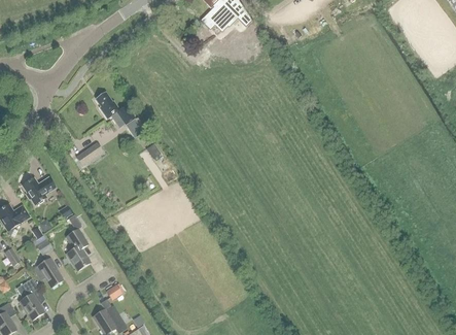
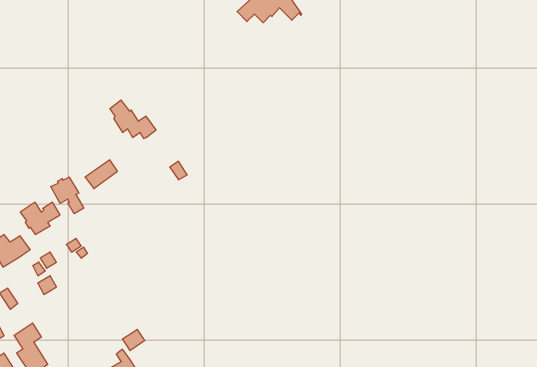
building: none -> [51,177,84,214]
building: [66,228,91,270] -> none
building: [33,257,63,287] -> none

